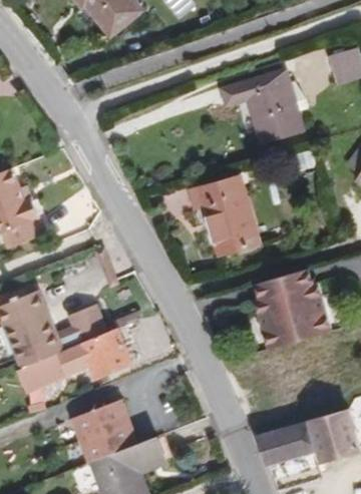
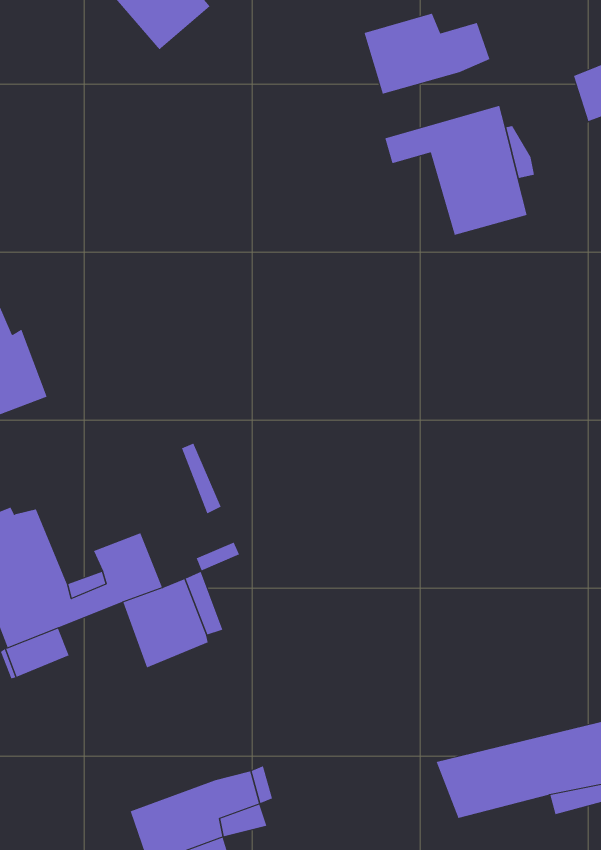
building: none -> [364,13,490,95]
building: [194,177,263,256] -> none
building: [269,266,323,344] -> none
building: [73,398,133,459] -> none

